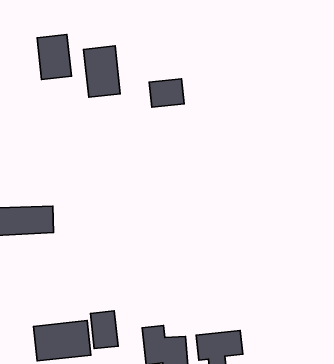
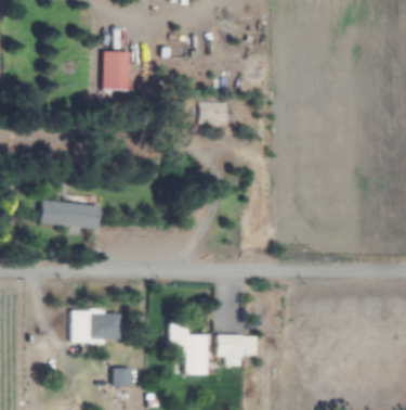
building: [83,46,120,97] -> none
building: [90,311,118,349] -> none

